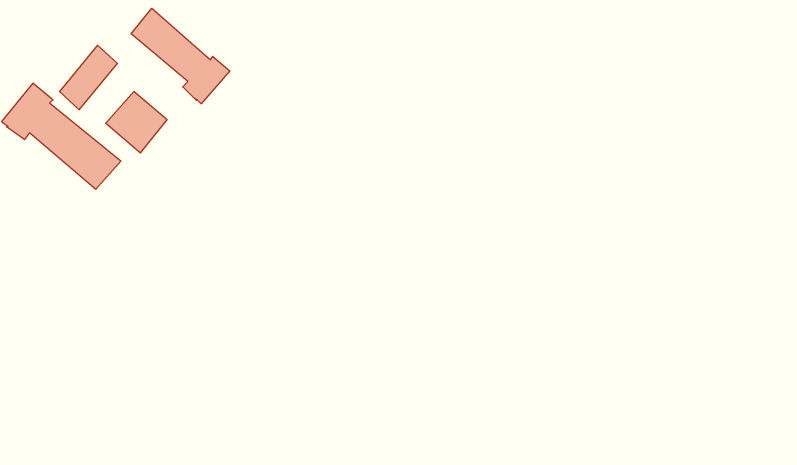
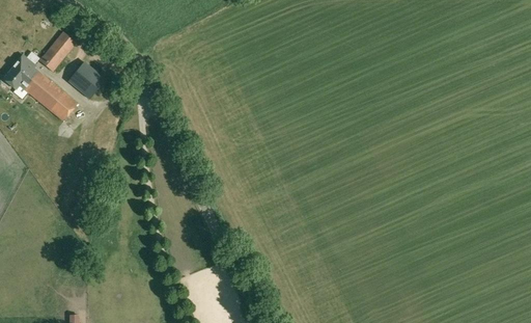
building: [131,8,230,104] -> none

